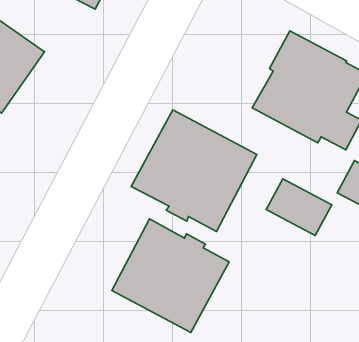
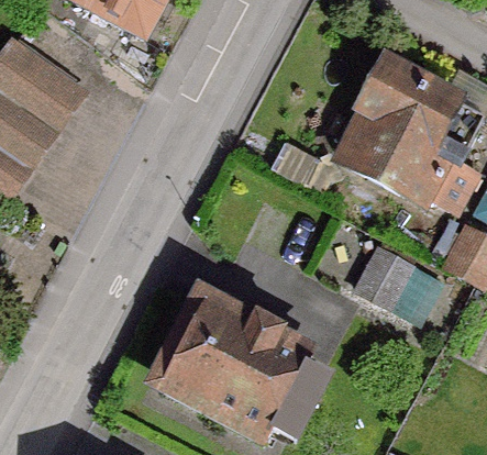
building: [131,110,257,232] -> none

